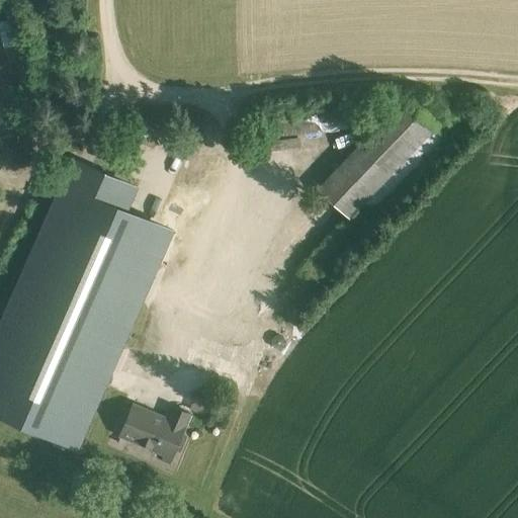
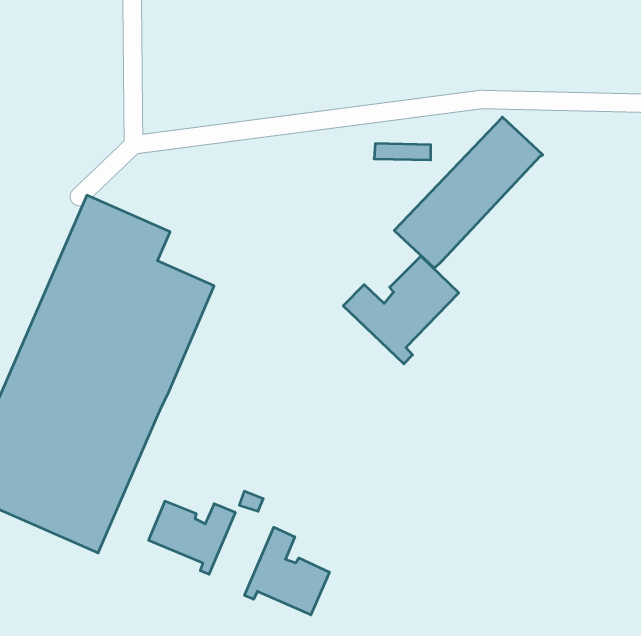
building: none -> [343,256,459,364]
building: none -> [245,527,329,615]

